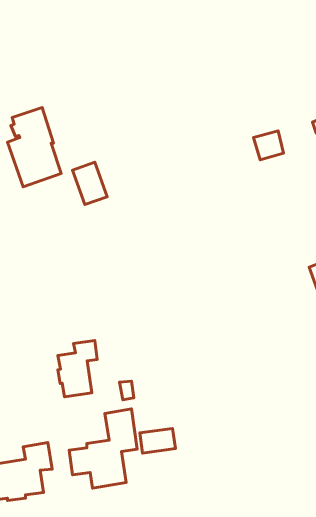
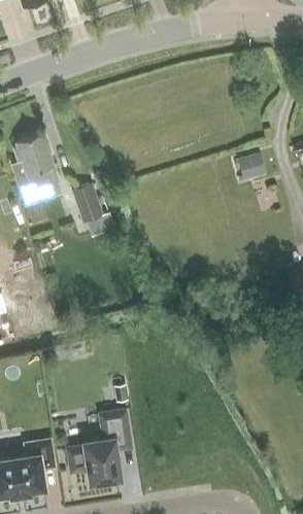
building: [58,340,97,397] -> none
building: [140,428,175,453] -> none

